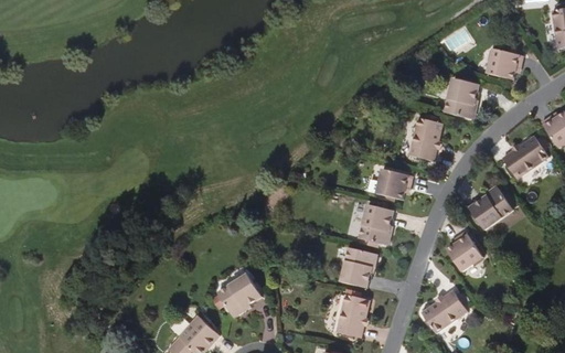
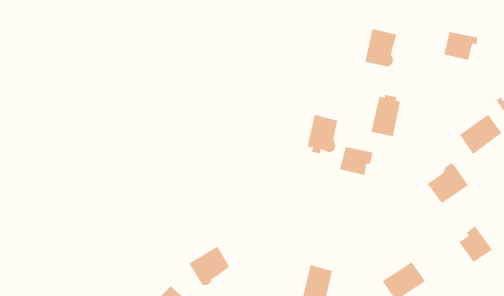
building: [445,76,479,117] -> [365,28,397,67]
building: [360,204,393,246] -> [307,114,338,154]
building: [447,232,483,271] -> [458,225,493,263]
building: [341,246,376,288] -> none

